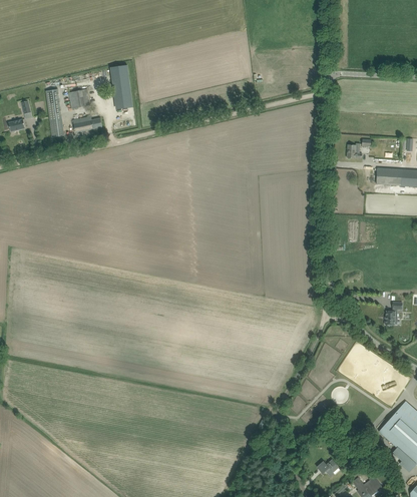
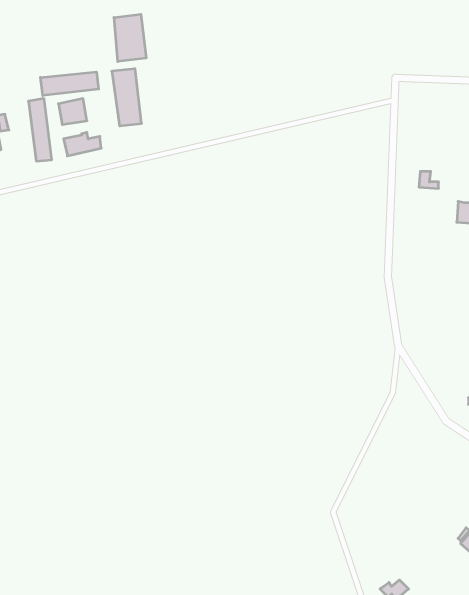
building: none -> [114,14,146,62]
building: none -> [40,72,99,96]

